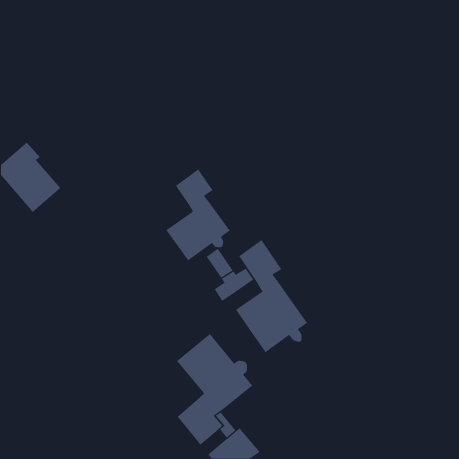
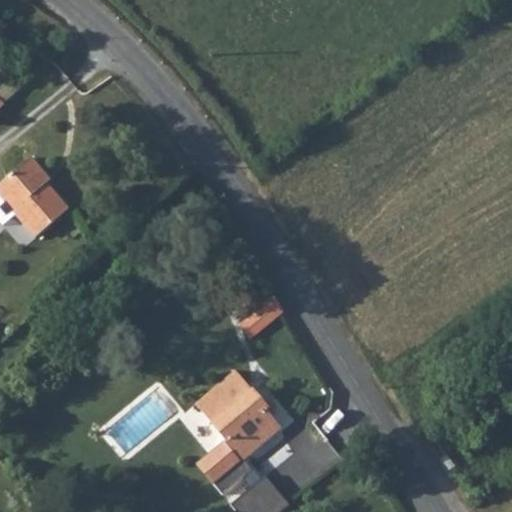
building: [166,169,231,261] -> none
building: [235,239,308,353] -> none

